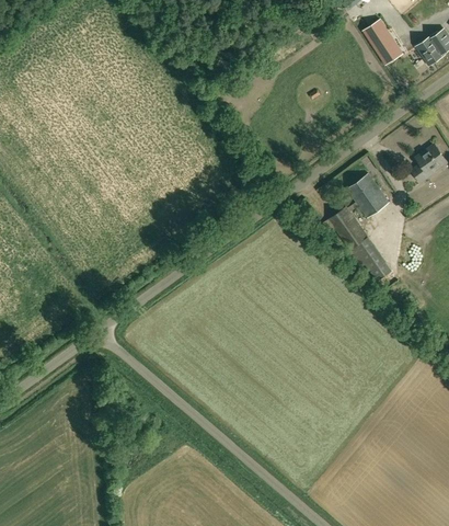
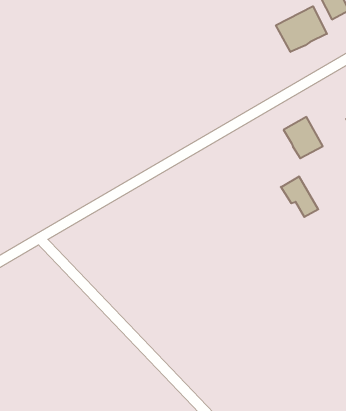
building: none -> [276,6,327,52]
building: [322,202,368,250] -> none

